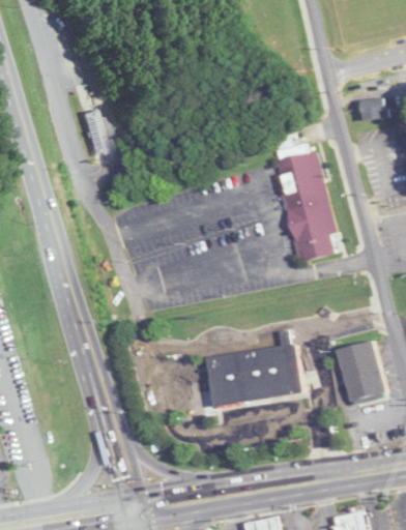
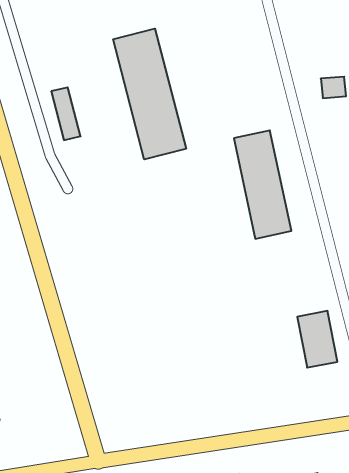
building: none -> [113,29,186,159]
building: [210,328,302,406] -> none

